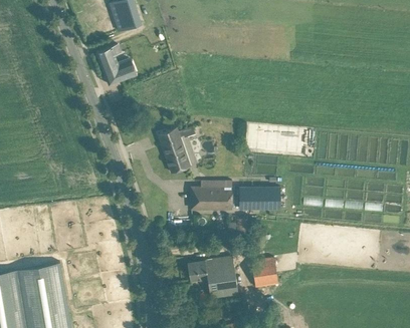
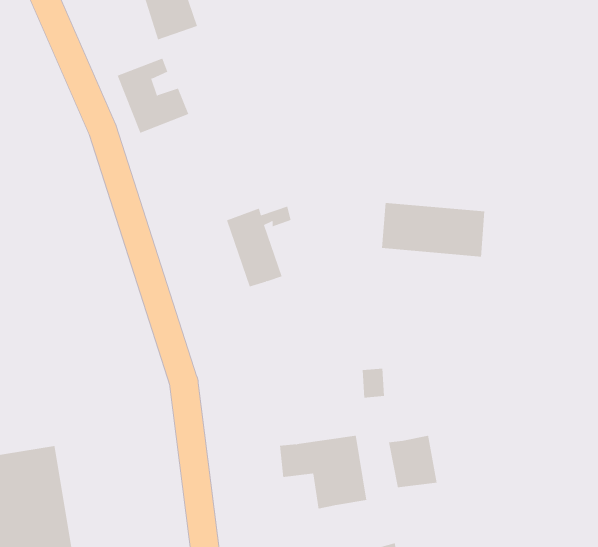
building: [191,181,232,209] -> none
building: [239,187,280,209] -> none

